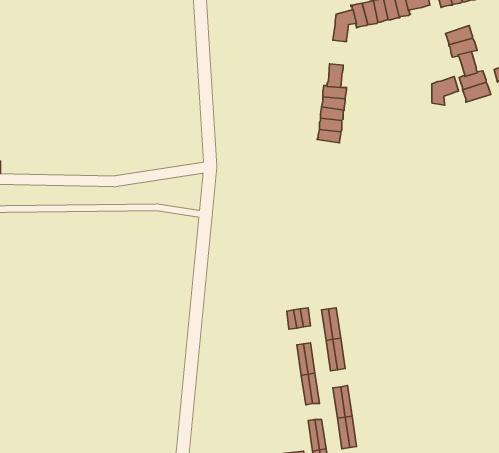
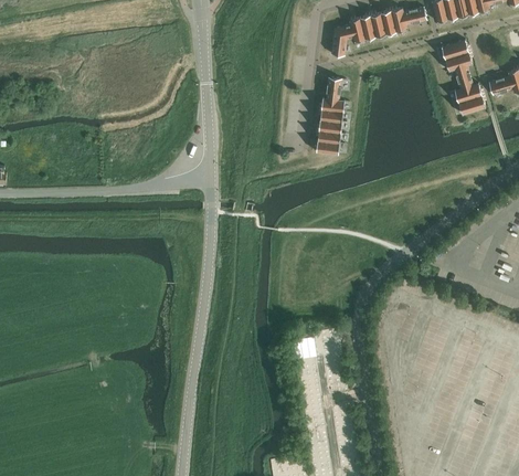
building: [432,76,458,105] -> none

